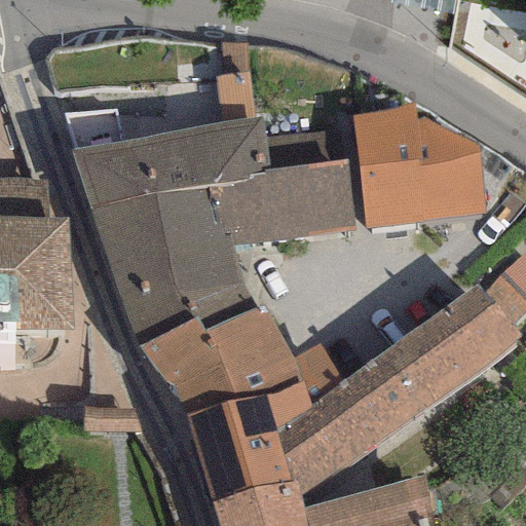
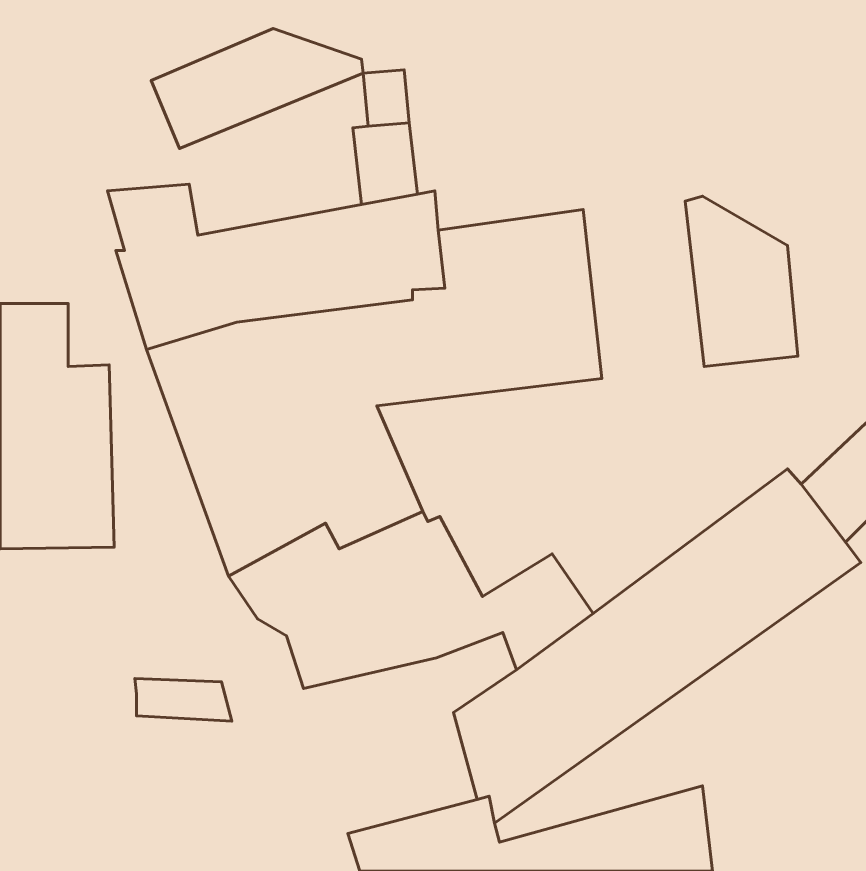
building: none -> [151,29,363,148]
building: [352,108,427,228] -> none
building: [186,381,314,502] -> none

